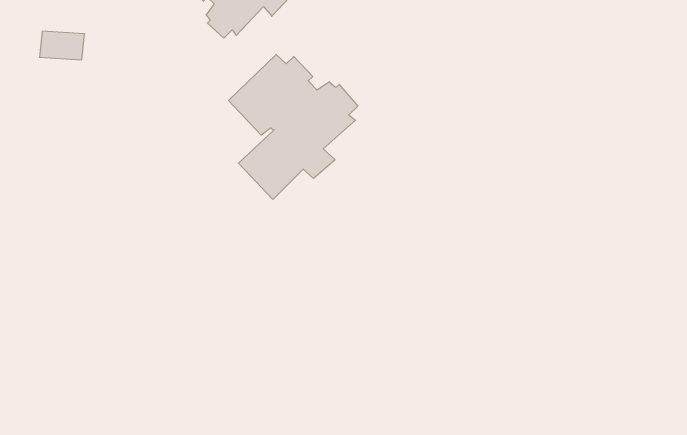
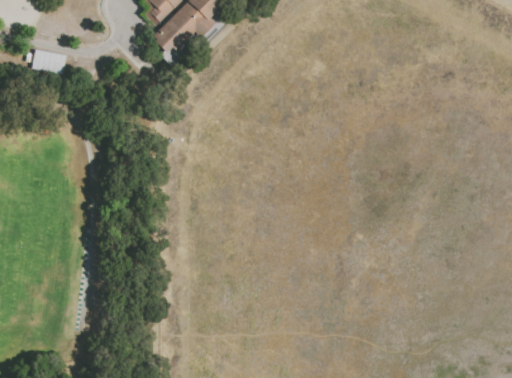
building: [229,54,358,199] -> none

